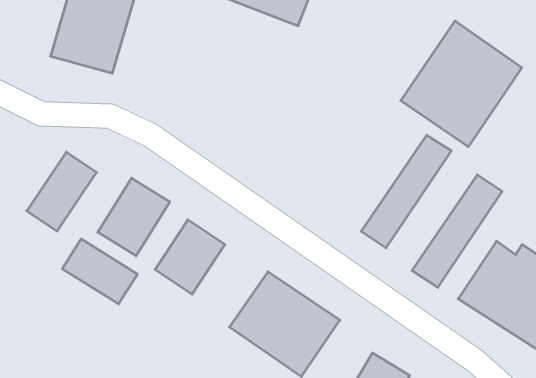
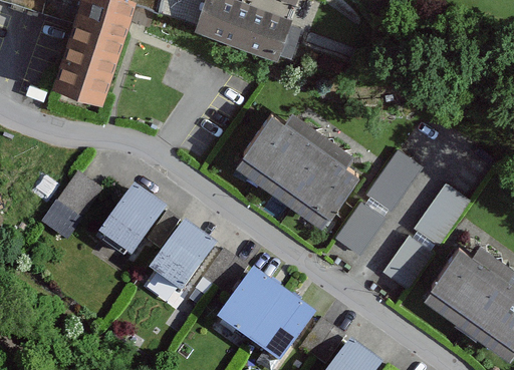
building: [401,21,522,147] -> none
building: none -> [236,111,357,222]
building: [62,239,137,304] -> none

